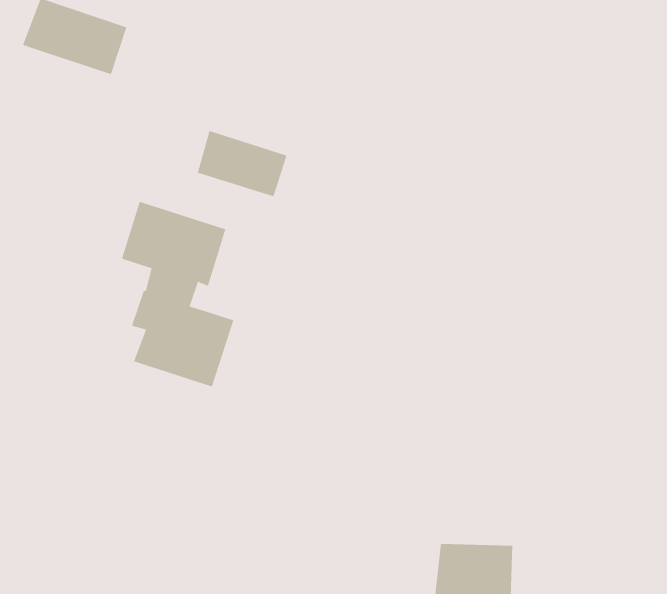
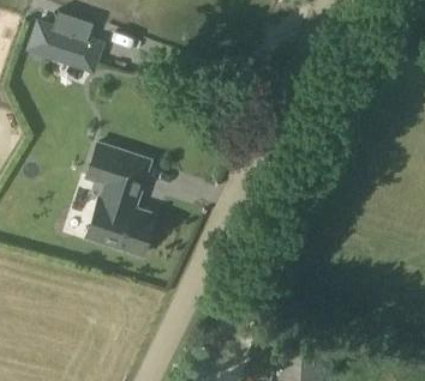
building: [197,130,287,197] -> none

